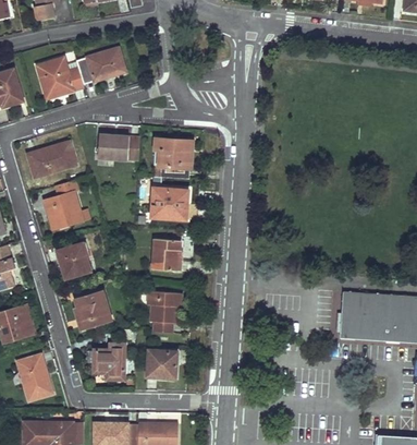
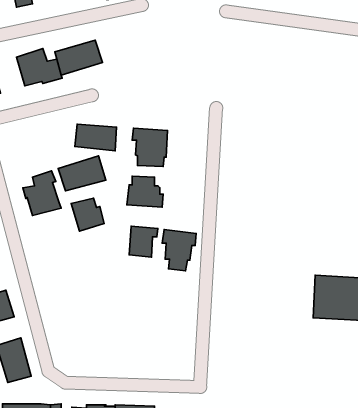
building: [27,142,76,178] -> [58,156,106,191]
building: [57,245,90,279] -> [71,198,104,231]
building: [74,291,111,327] -> none
building: [147,291,182,334] -> [162,229,196,271]
building: [94,344,125,380] -> none
building: [147,349,176,377] -> none

